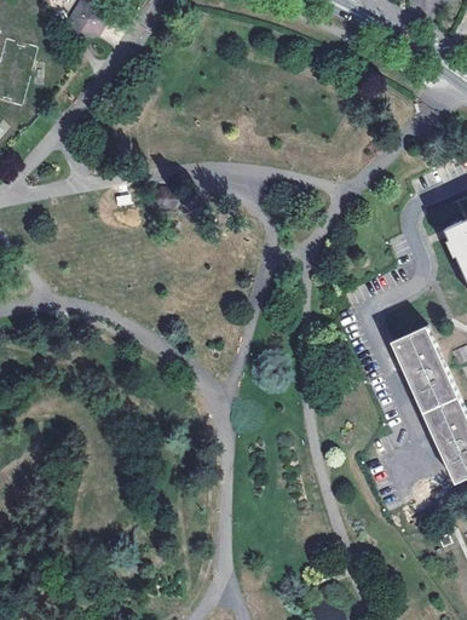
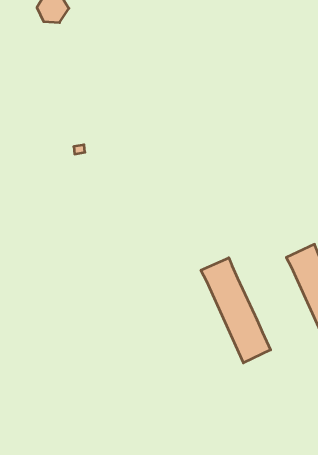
building: none -> [201,258,271,363]

